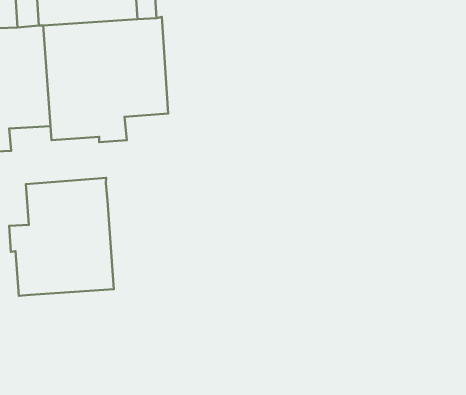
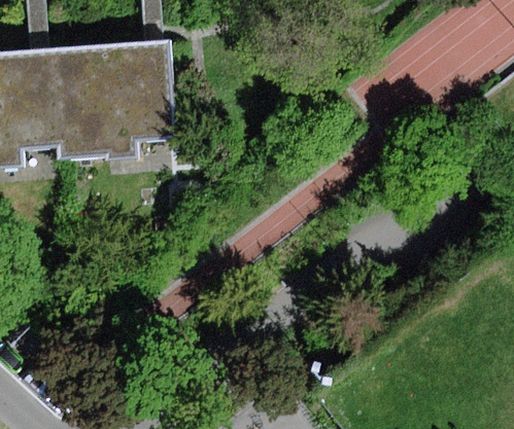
building: [9,178,114,296] -> none

